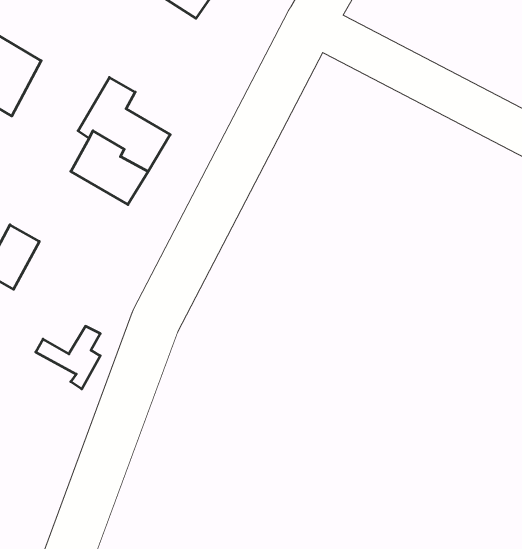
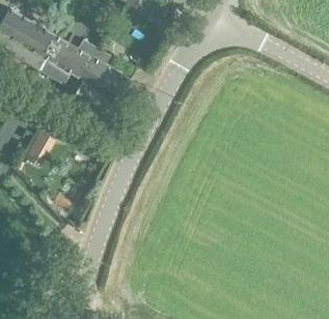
building: none -> [37,36,92,82]

